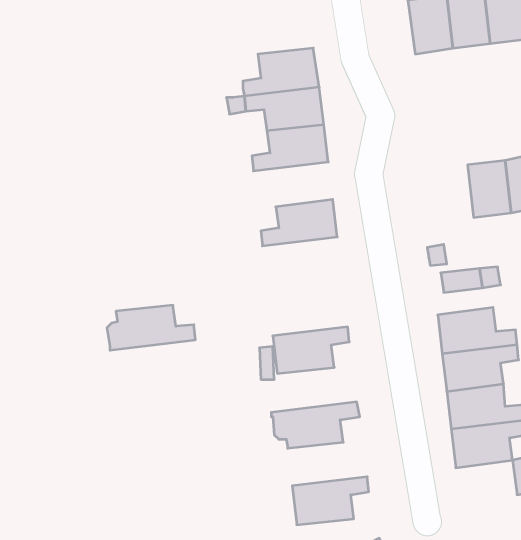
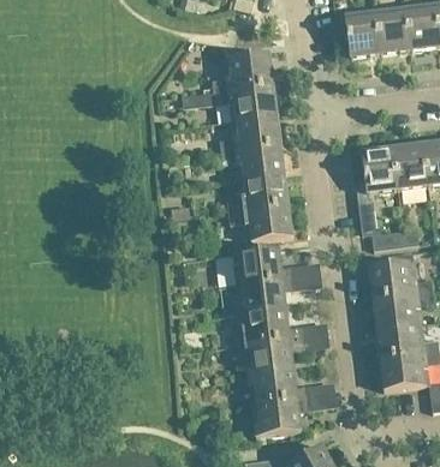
building: none -> [221,144,285,180]
building: none -> [362,146,398,192]
building: none -> [228,204,292,241]
building: none -> [233,246,297,283]
building: [107,305,195,350] -> [233,309,304,345]
building: none -> [249,369,313,403]

